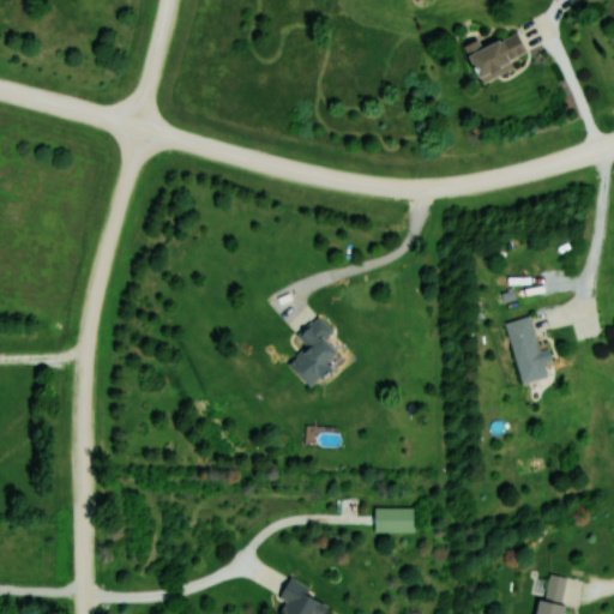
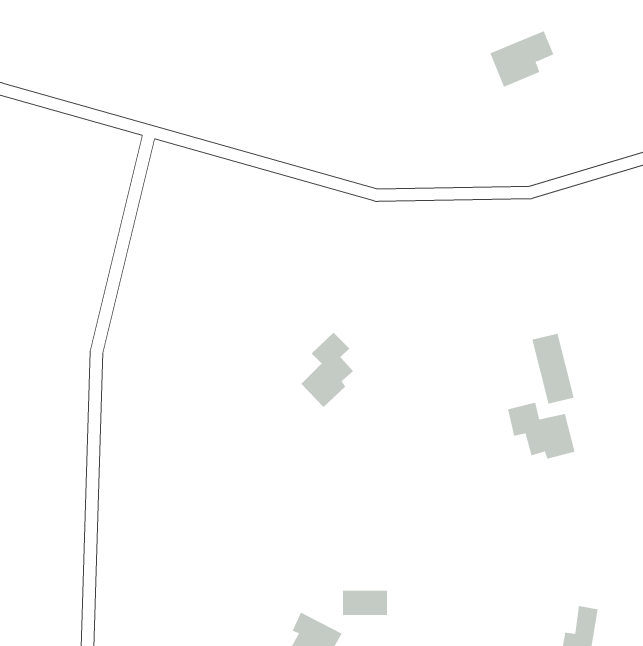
building: none -> [507,402,575,459]
building: [375,508,419,532] -> [342,590,388,616]

